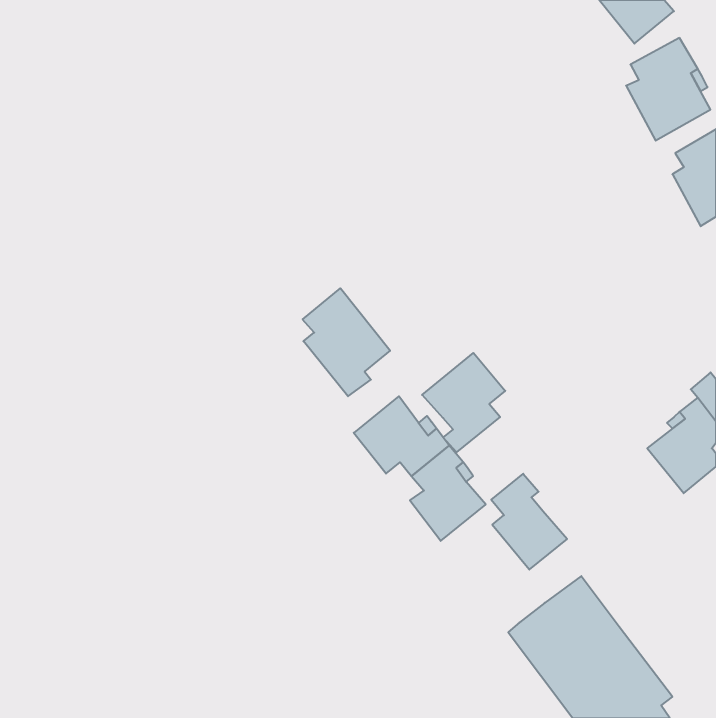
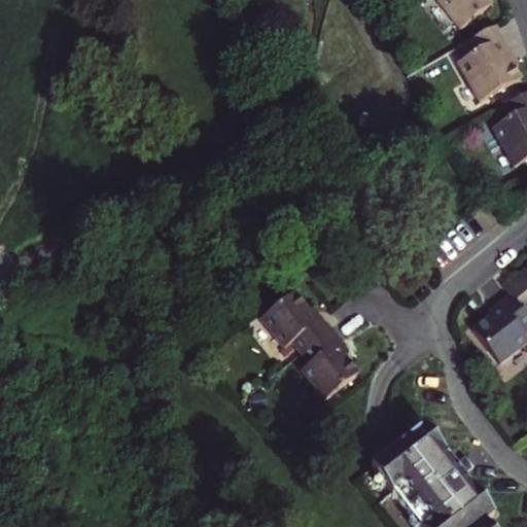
building: [303,288,390,396] -> none
building: [422,353,505,452] -> none
building: [491,474,567,570] -> none

